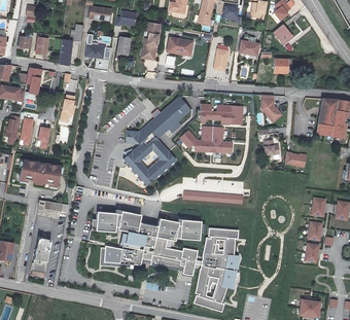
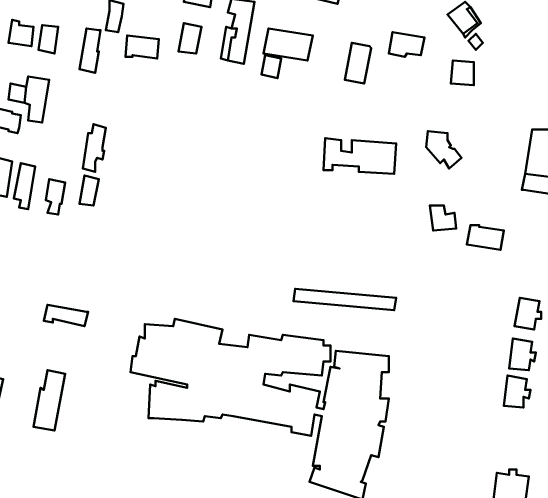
building: [124,97,189,185] -> none
building: [180,126,233,152] -> none
building: [20,159,60,186] -> none

